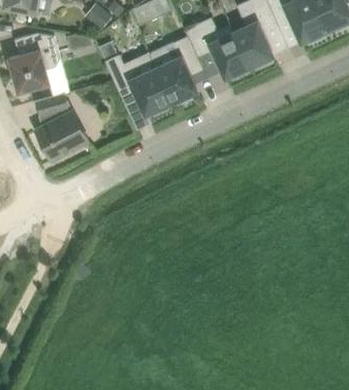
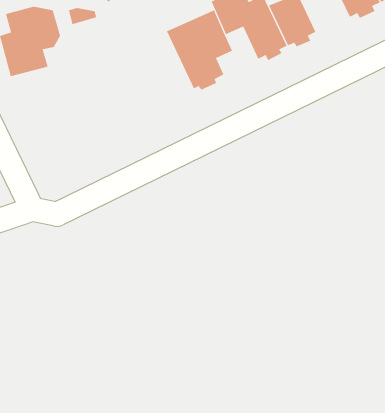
building: [99,41,171,116] -> none
building: [36,93,89,161] -> none

